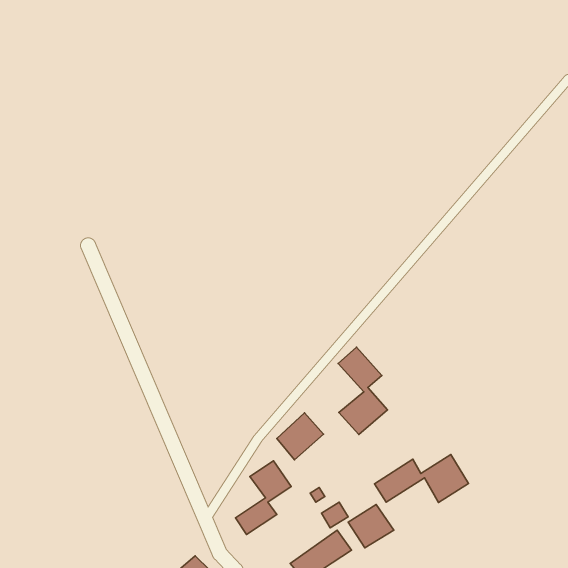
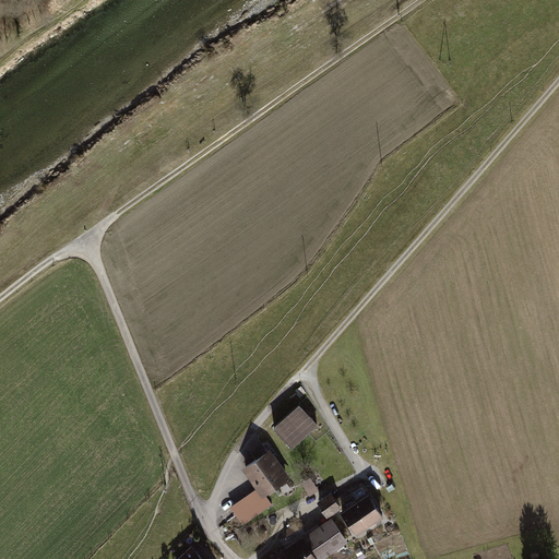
building: [338,347,388,435] -> none
building: [374,455,468,503] -> none

